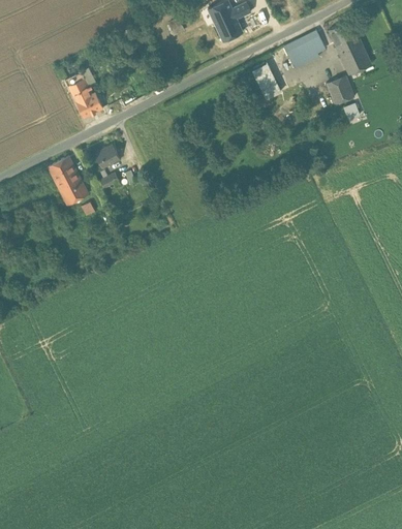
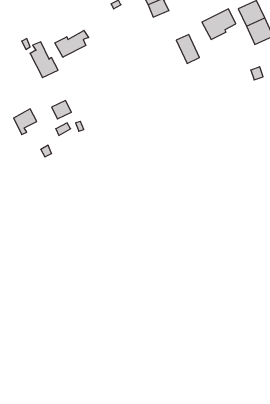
building: none -> [55,30,89,57]
building: [326,75,353,104] -> none
building: [58,172,89,206] -> none

